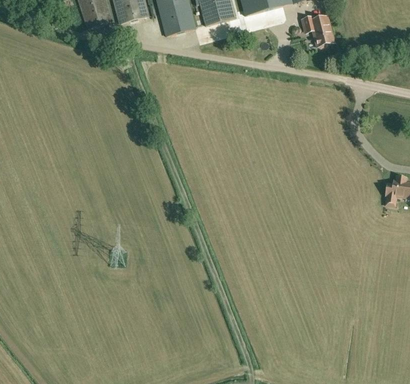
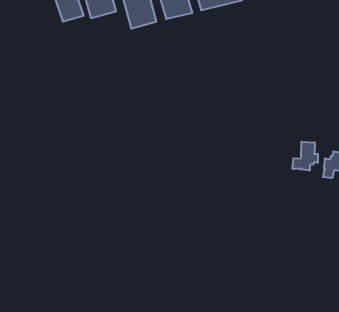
building: [302,15,333,46] -> none
building: none -> [293,142,318,171]

